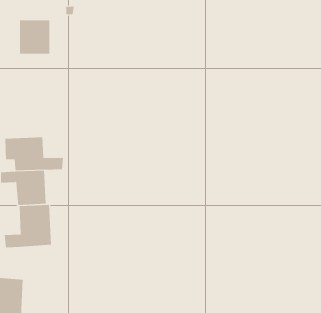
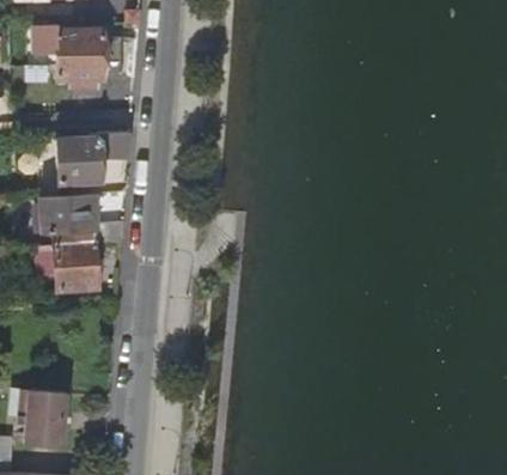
building: none -> [53,135,126,184]
building: [4,204,51,248] -> none

